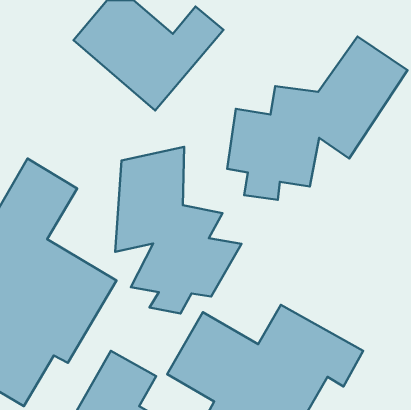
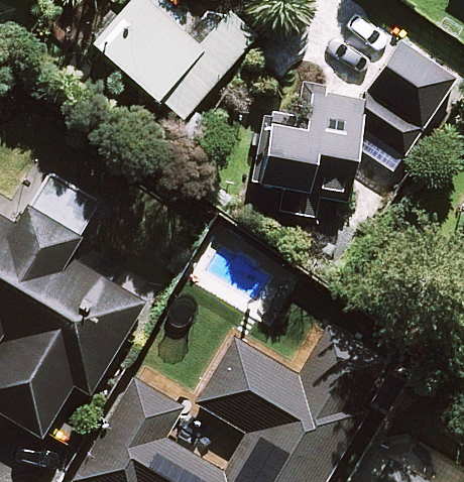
building: [115,147,242,314] -> none

